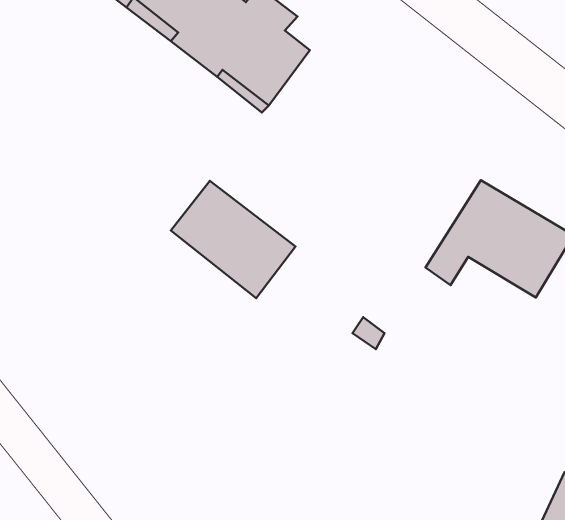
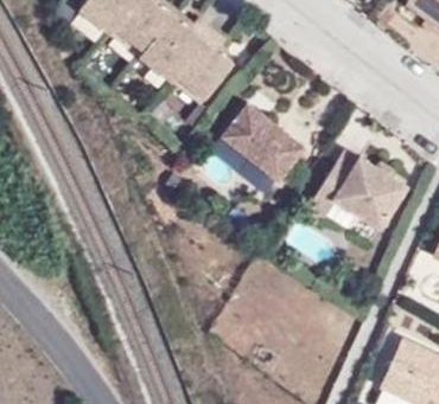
building: [171,181,295,298] -> [223,101,306,179]

